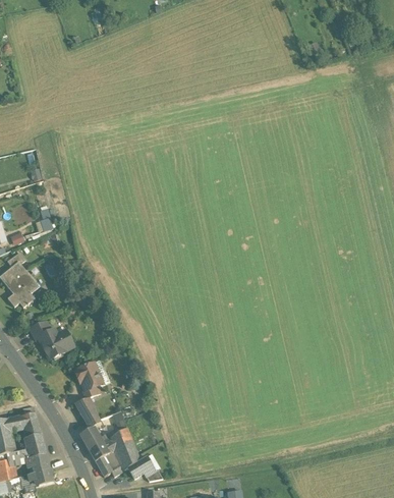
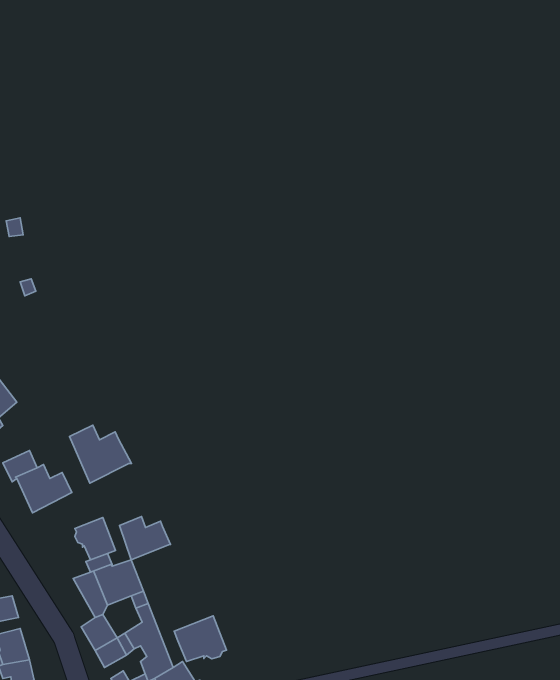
building: none -> [70,425,131,483]
building: none -> [119,517,171,560]
building: none -> [174,616,227,662]

